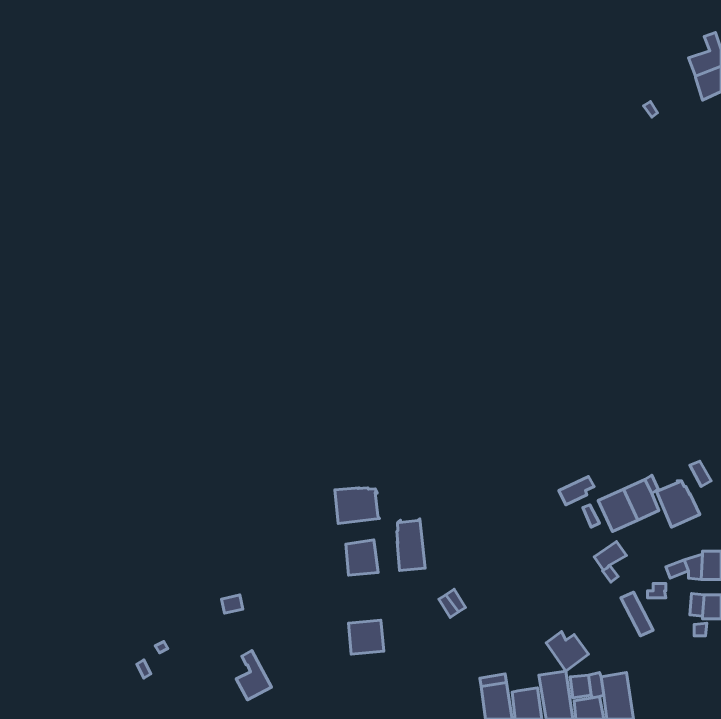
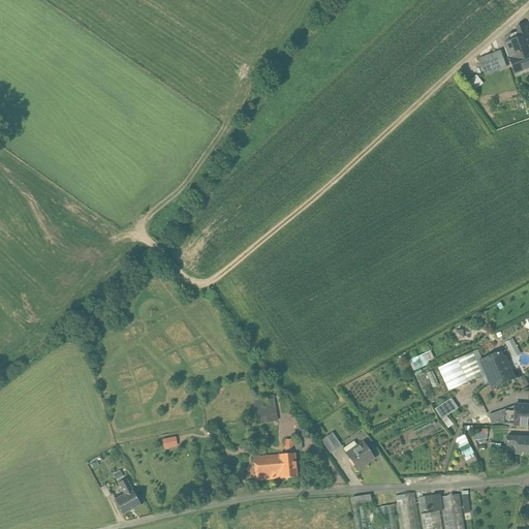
building: none -> [479,51,505,75]
building: [335,488,379,523] -> none
building: [397,519,425,571] -> none
building: none -> [279,453,298,477]
building: [546,632,588,671] -> [343,440,374,469]
building: [236,651,272,700] -> [115,477,141,514]

